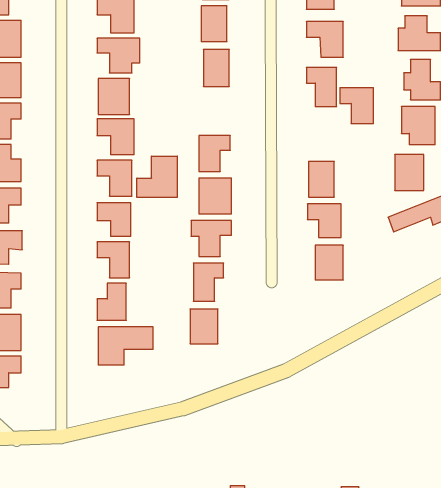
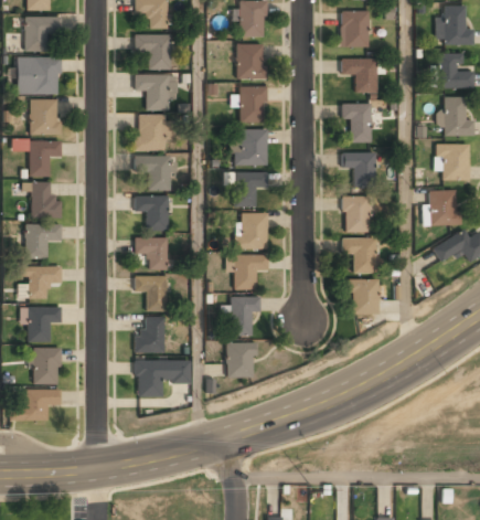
building: [340,88,373,124] -> [343,152,376,188]
building: none -> [233,128,267,165]
building: [137,156,177,197] -> none

